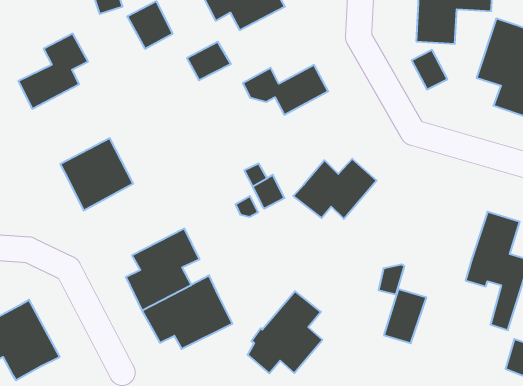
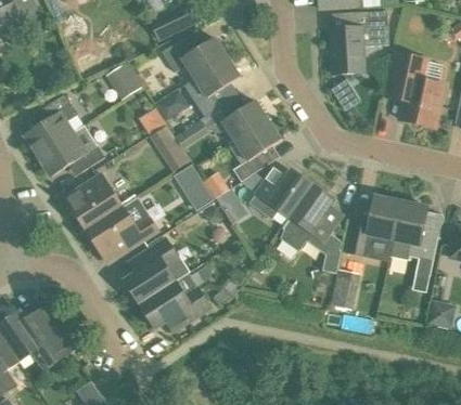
building: none -> [194,55,241,116]
building: none -> [38,131,105,174]
building: none -> [149,123,190,171]
building: none -> [233,118,281,181]
building: none -> [172,166,214,211]
building: none -> [86,196,159,252]
building: none -> [344,195,401,261]
building: [247,291,322,373] -> [280,184,337,250]

